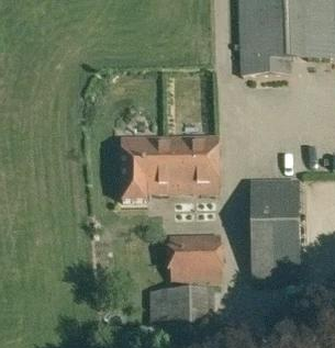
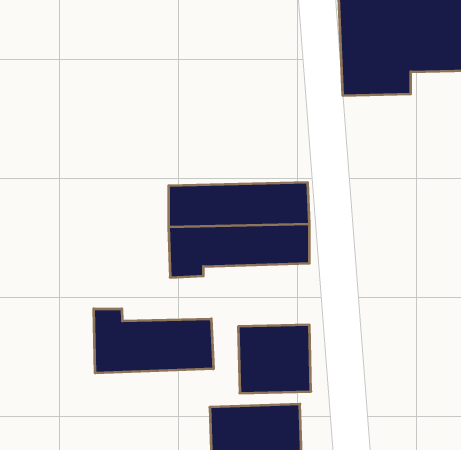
building: [248,178,298,278] -> none
building: none -> [94,309,213,373]

